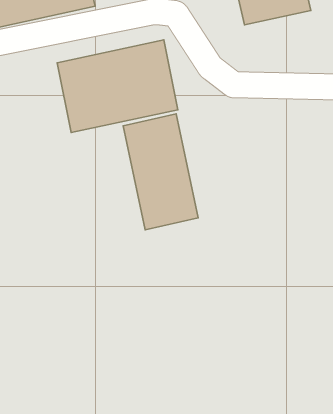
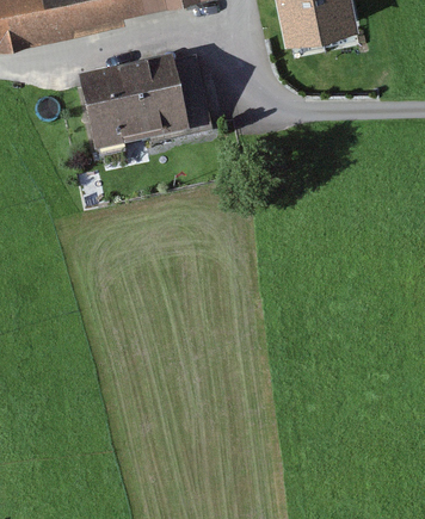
building: [123,114,198,230] -> none

